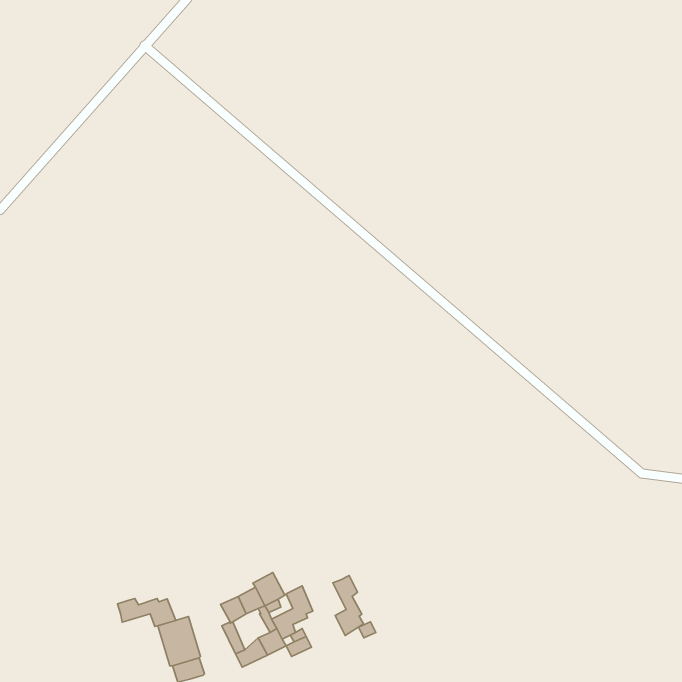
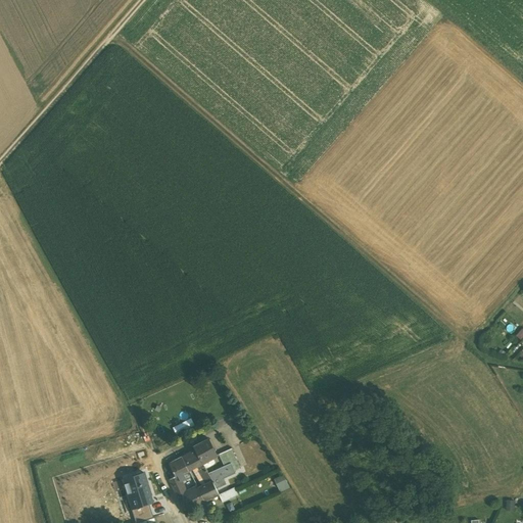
building: [333,576,363,636] -> none
building: [117,598,176,627] -> none

